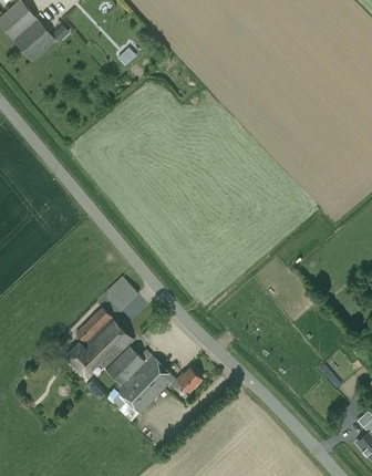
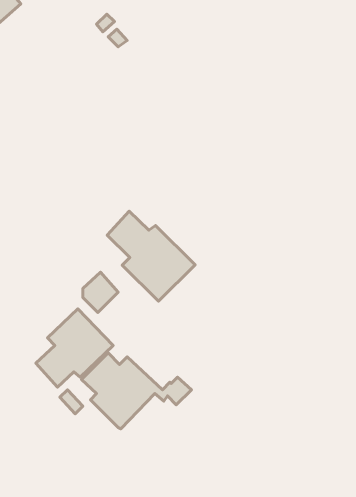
building: none -> [107,211,195,301]

